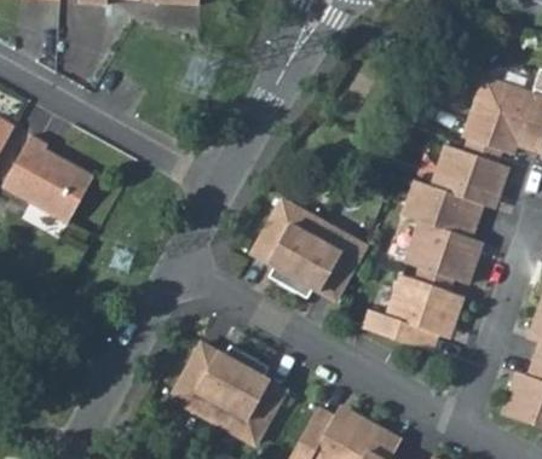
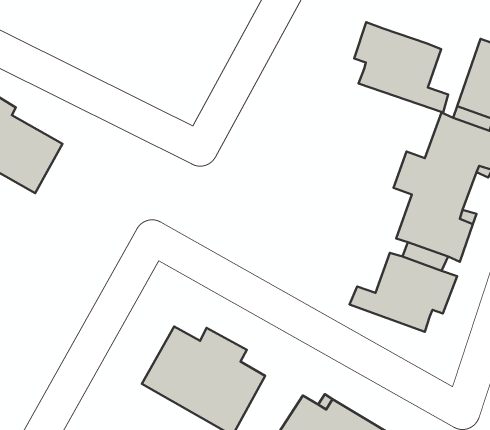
building: none -> [354,22,448,113]
building: [252,202,367,302] -> none

